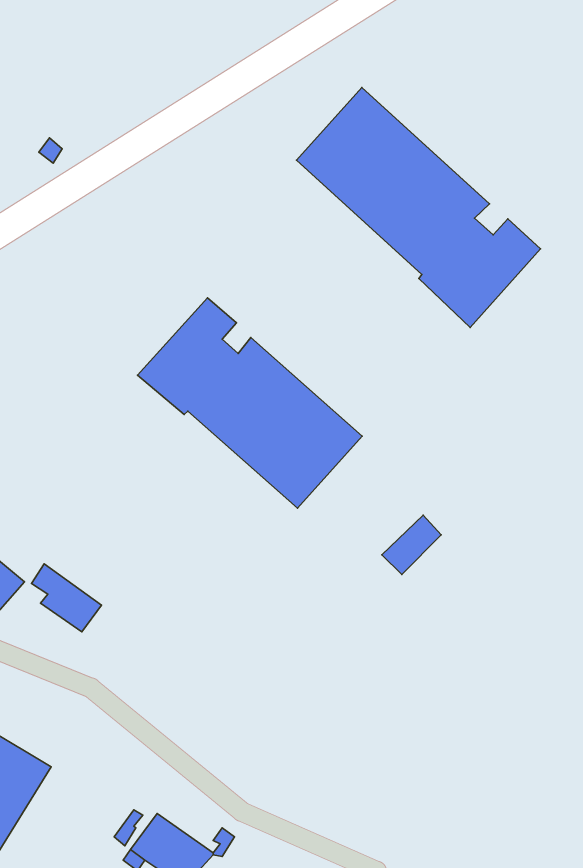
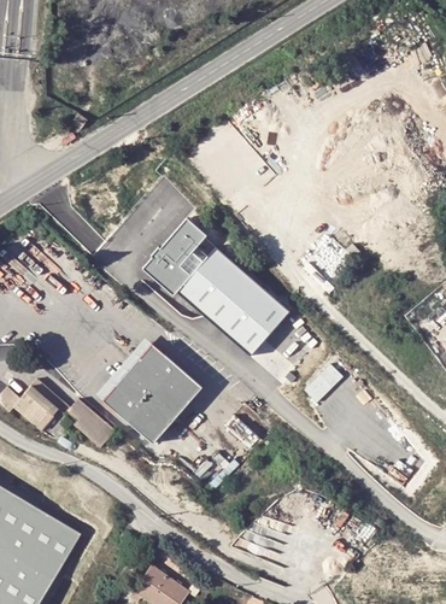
building: [297,88,540,328] -> none
building: none -> [101,345,199,442]

